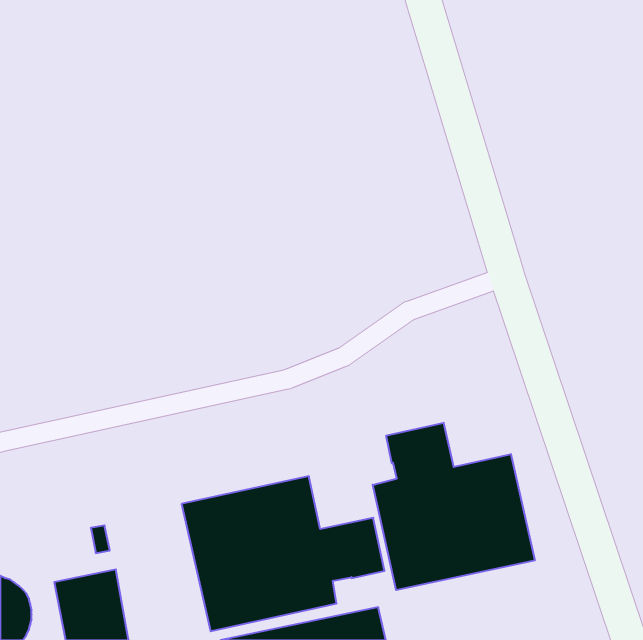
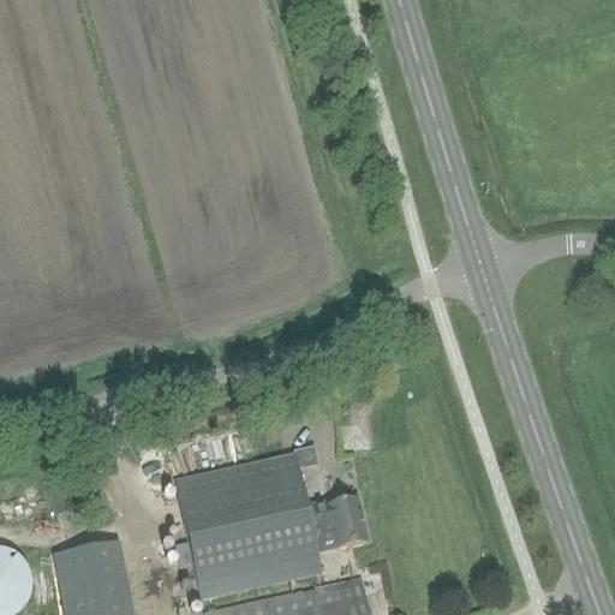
building: [373,423,535,590] -> none

